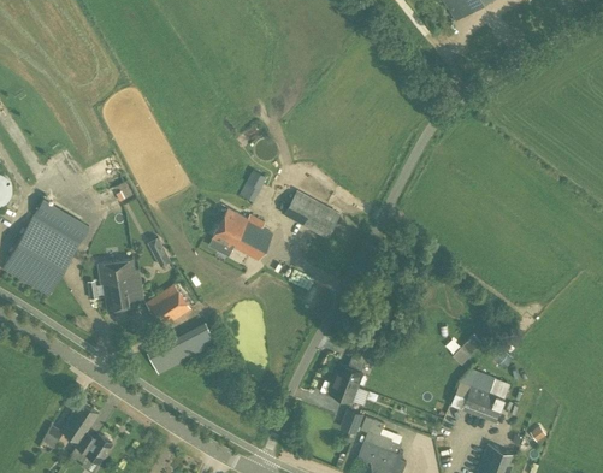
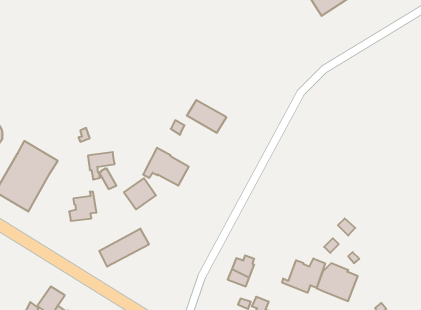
building: [284,193,339,238] -> [187,100,226,133]
building: [97,259,135,297] -> [88,152,115,180]
building: [146,284,190,327] -> [124,178,156,209]
building: none -> [282,258,325,293]

